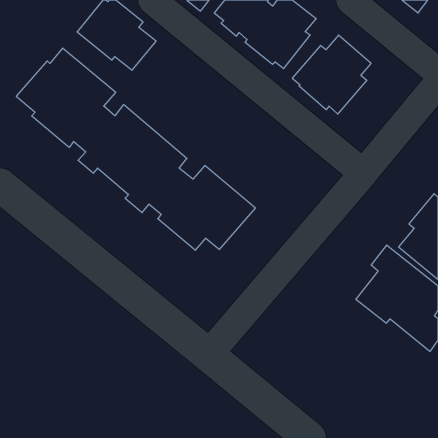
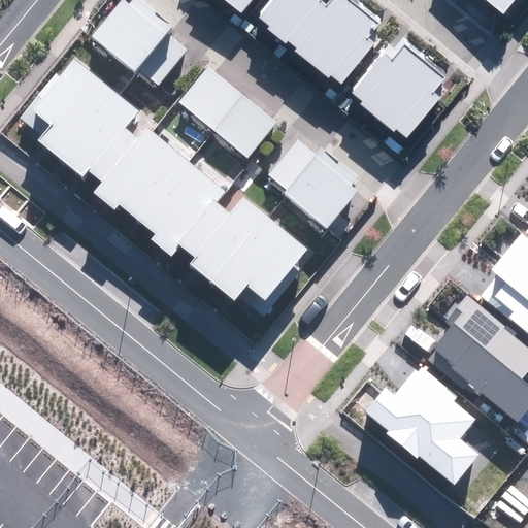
building: none -> [178,65,278,159]
building: none -> [267,140,359,229]
building: none -> [366,365,480,485]

